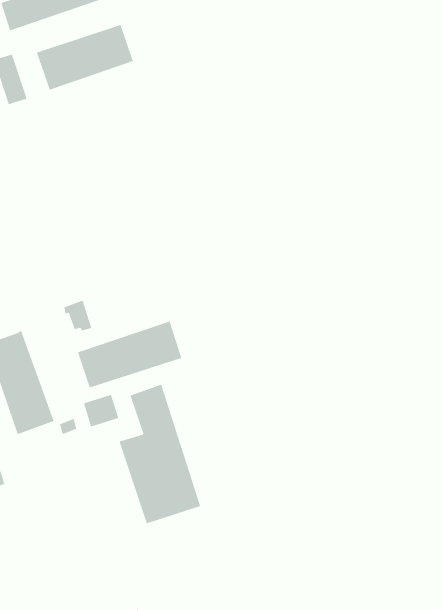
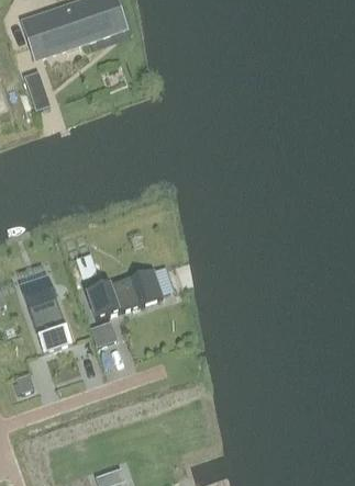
building: [36,24,134,91] -> none
building: [119,384,201,524] -> none

